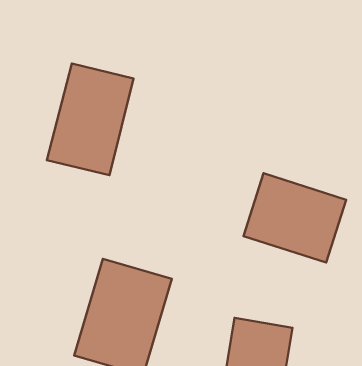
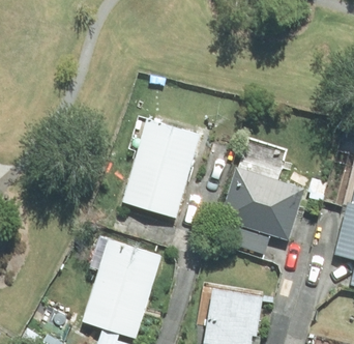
building: [47,63,133,175] -> [125,123,197,216]

